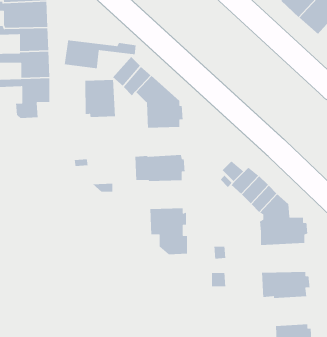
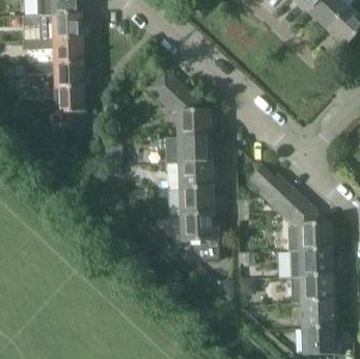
building: [64,40,137,69] -> none
building: [84,79,116,118] -> none
building: none -> [177,135,214,163]
building: none -> [178,187,216,214]
building: none -> [287,248,335,276]
building: none -> [300,300,337,328]

